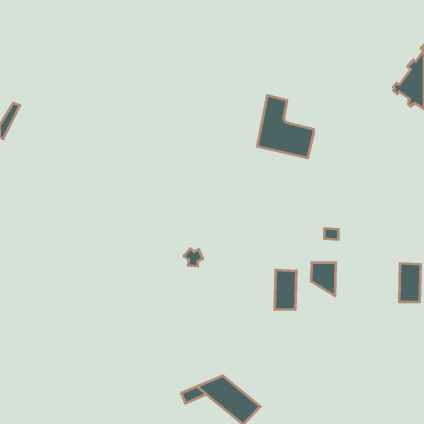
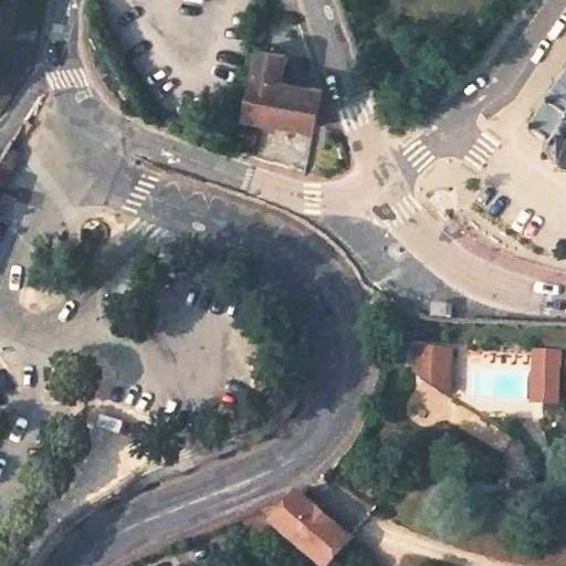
building: [257,95,314,158] -> [243,45,318,128]
building: [275,270,296,310] -> none

